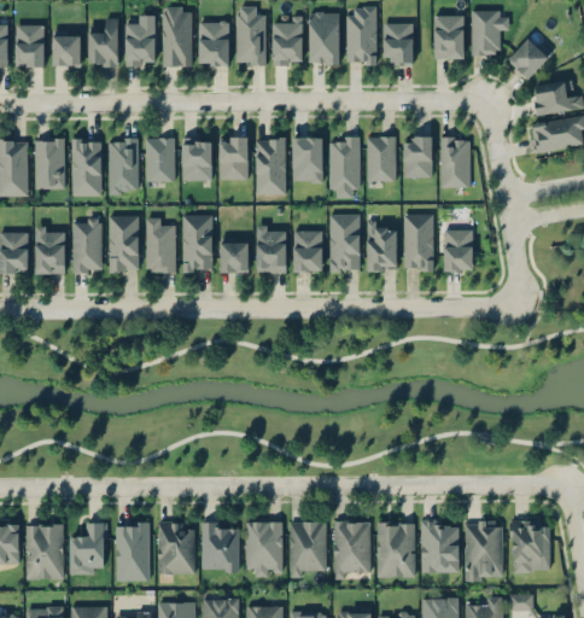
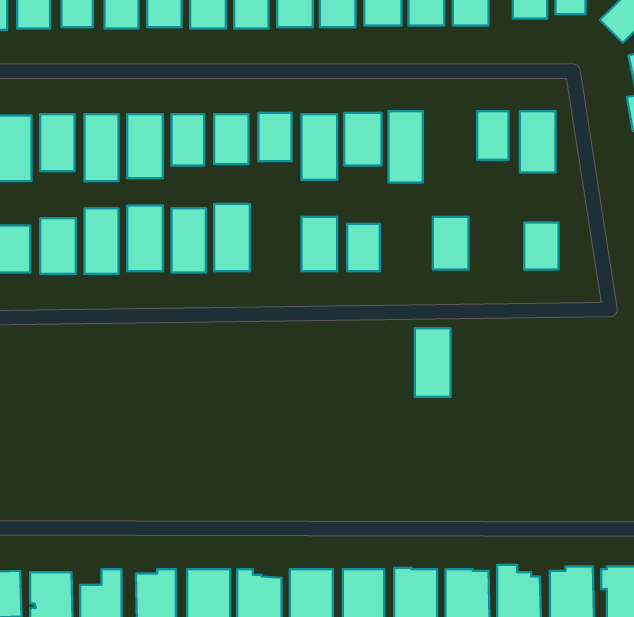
building: [367,136,395,182] -> none
building: [329,214,360,272] -> [415,328,451,397]
building: [403,214,433,270] -> none
building: [220,239,247,273] -> none

